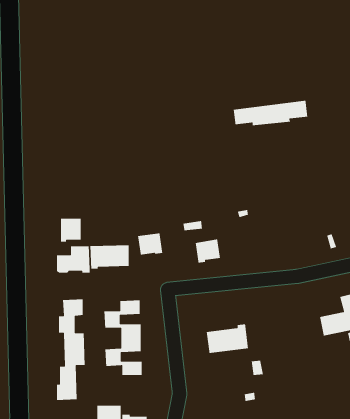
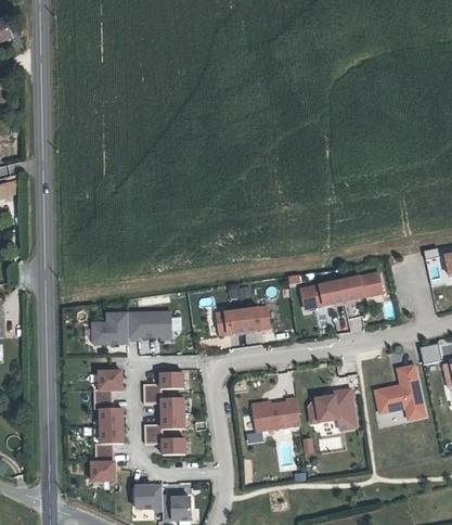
building: [233,100,308,126] -> [301,274,383,303]
building: [60,218,81,243] -> none
building: [137,233,163,256] -> [216,309,244,334]
building: none -> [308,388,356,428]

